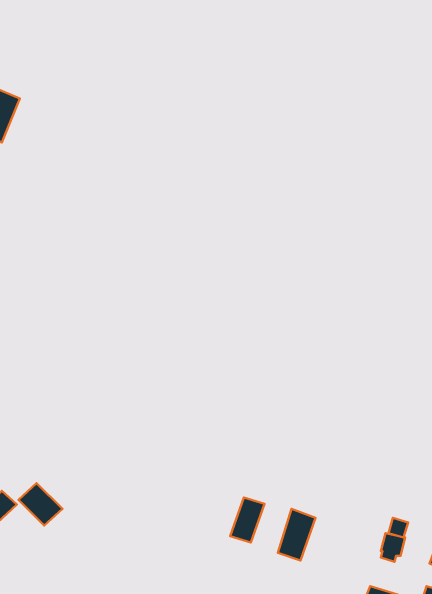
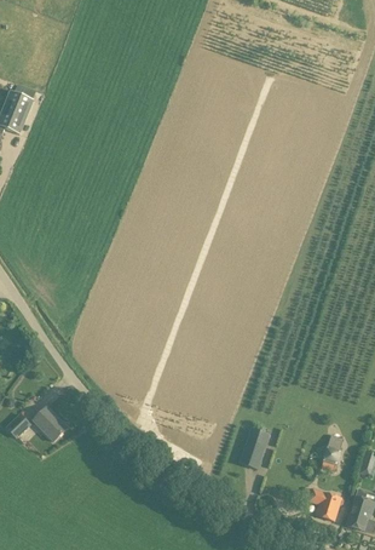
building: [230,498,265,542] -> none

